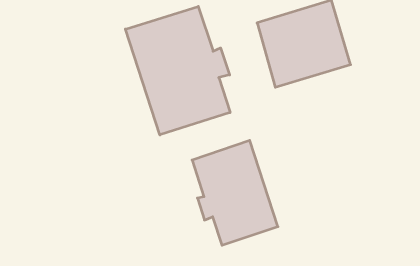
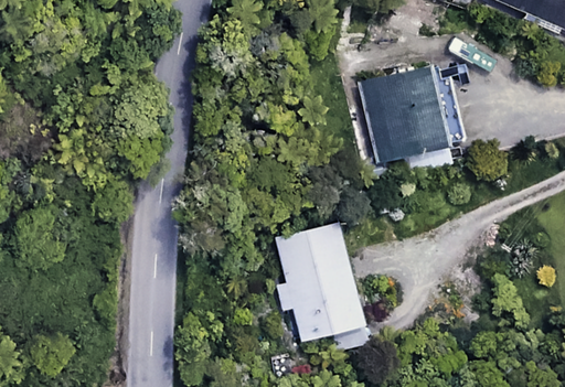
building: [125,6,230,135] -> none

